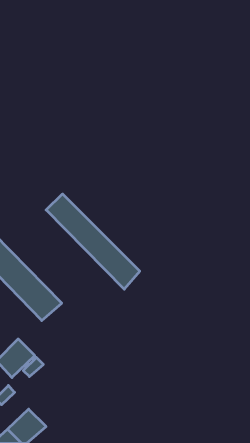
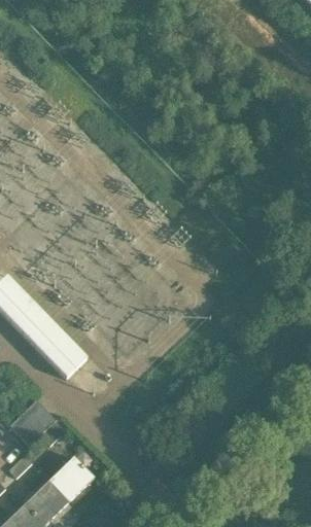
building: [46,194,140,289] -> none
building: none -> [48,456,94,501]

